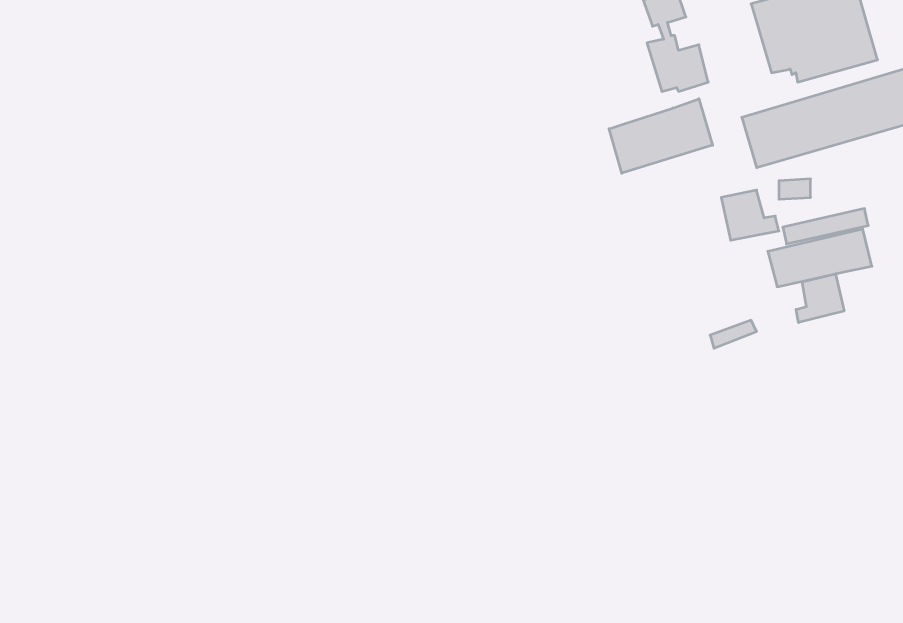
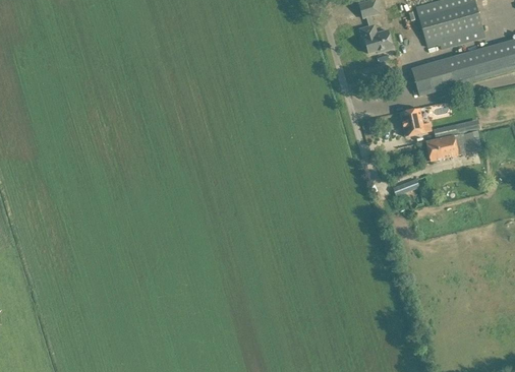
building: [609,99,713,173] -> none
building: [796,274,844,323] -> none

